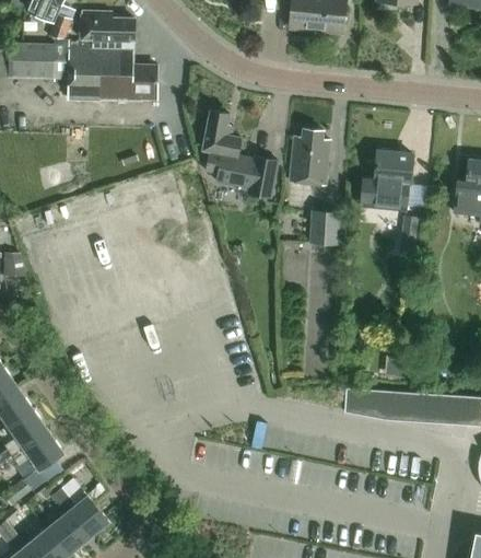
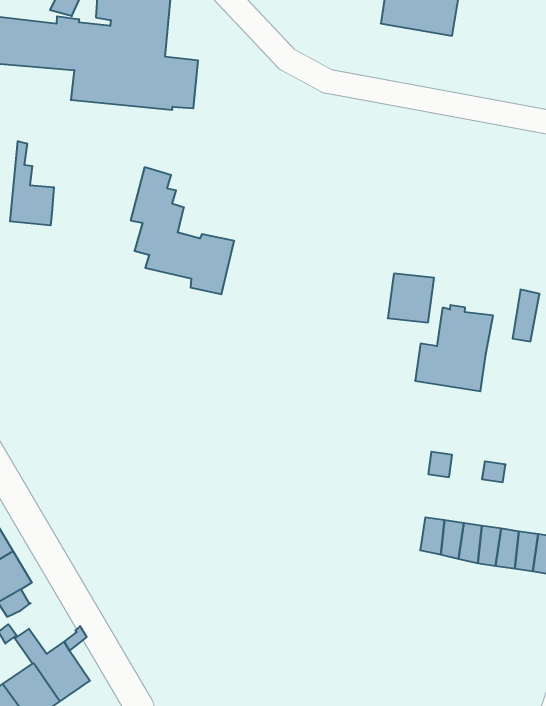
building: [202,111,279,199] -> [131,167,234,294]
building: [291,129,331,186] -> none
building: none -> [10,141,54,225]
building: [361,149,414,210] -> [415,305,493,391]

